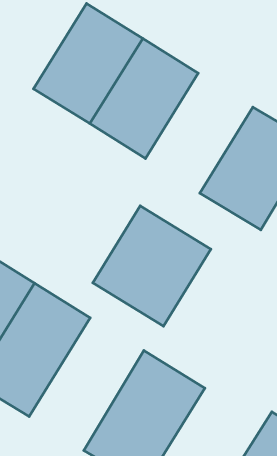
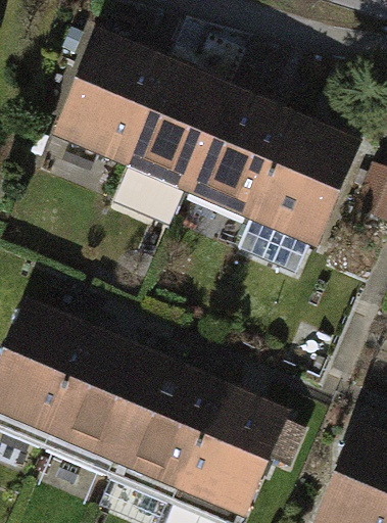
building: none -> [185,91,289,216]
building: [93,206,211,326] -> none
building: none -> [104,363,213,502]

